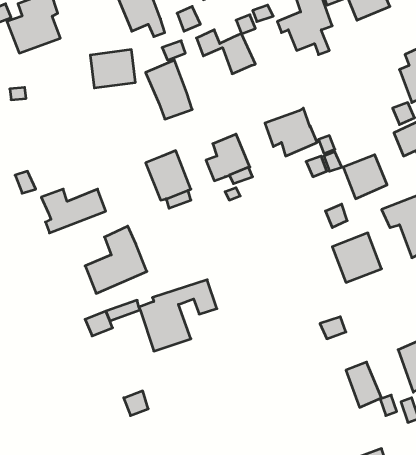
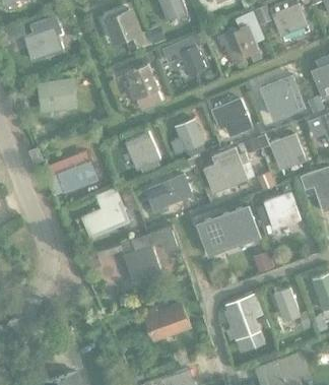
building: [90,50,135,88] -> [39,82,72,111]
building: none -> [260,75,304,118]
building: none -> [203,148,248,192]
building: none -> [144,176,190,211]
building: none -> [197,206,261,256]
building: none -> [224,297,260,342]
building: none -> [145,305,186,338]

